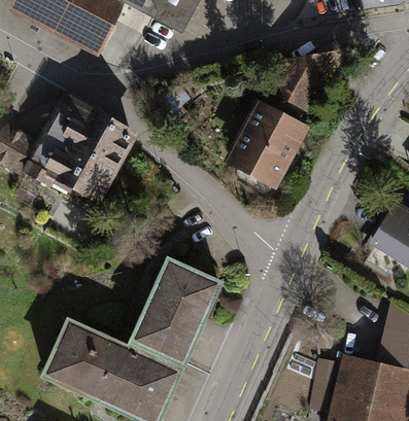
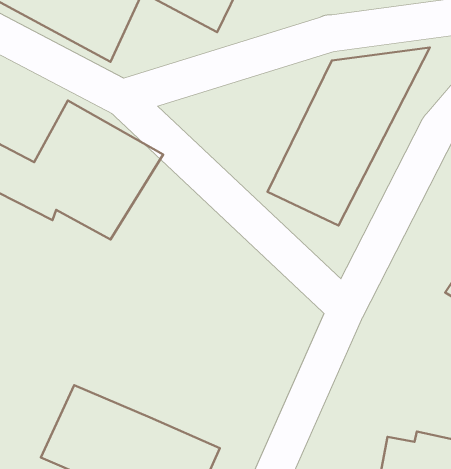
building: [130,254,226,367] -> none

